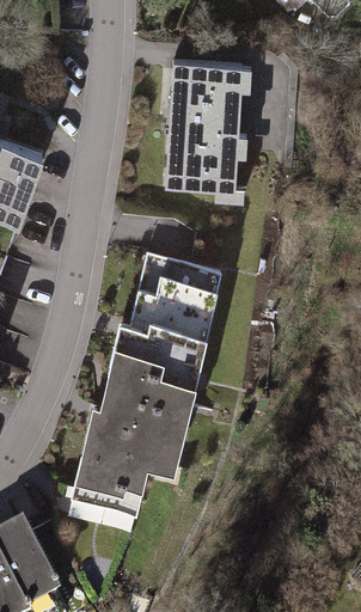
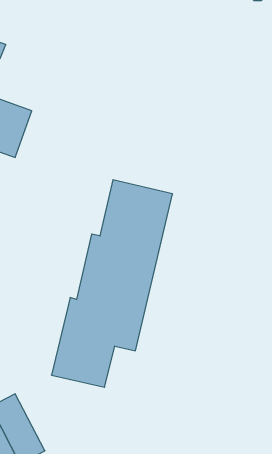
building: [167,65,255,204] -> none

